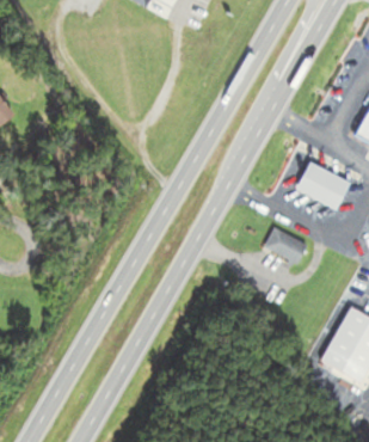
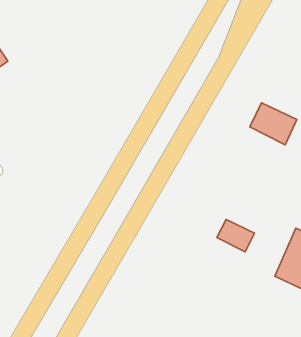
building: [264,228,307,265] -> [217,220,254,252]

